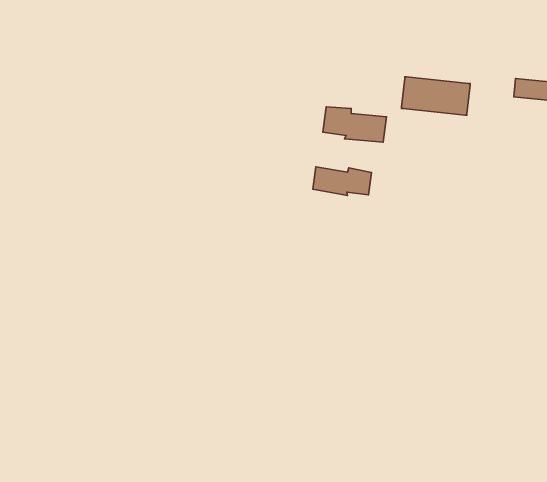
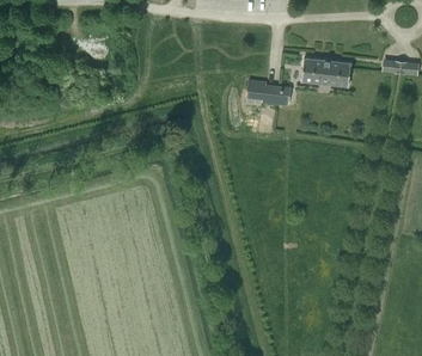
building: [313,167,371,196] -> none

